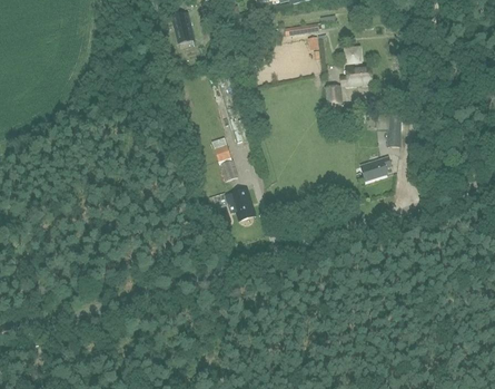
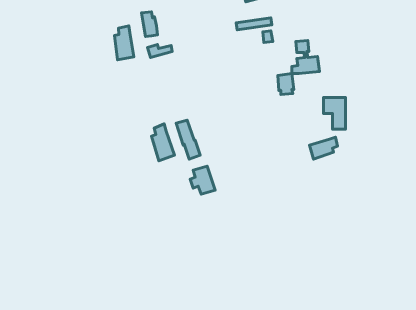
building: none -> [114,26,134,60]
building: none -> [151,124,174,161]

